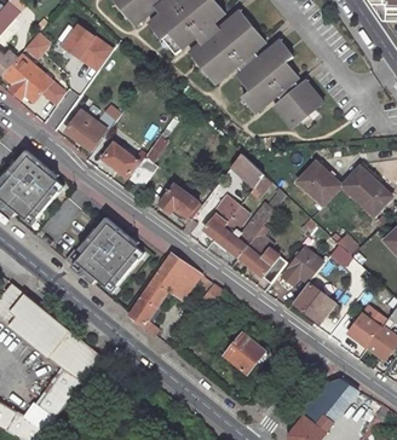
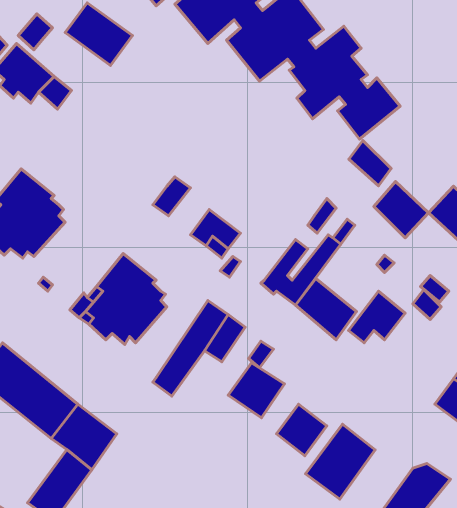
building: [65,110,105,150] -> none
building: [97,138,138,178] -> none
building: [230,152,263,187] -> [349,140,391,186]
building: [203,195,238,237] -> none
building: [293,283,332,320] -> none
building: none -> [228,363,285,418]
building: none -> [305,424,375,499]

